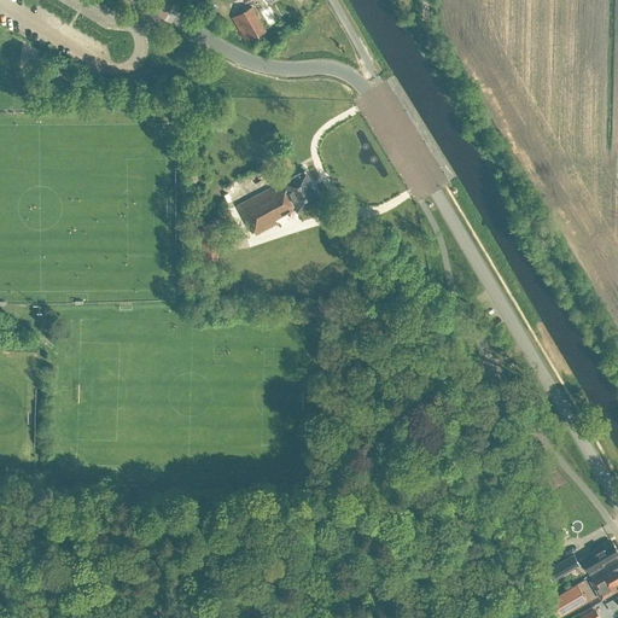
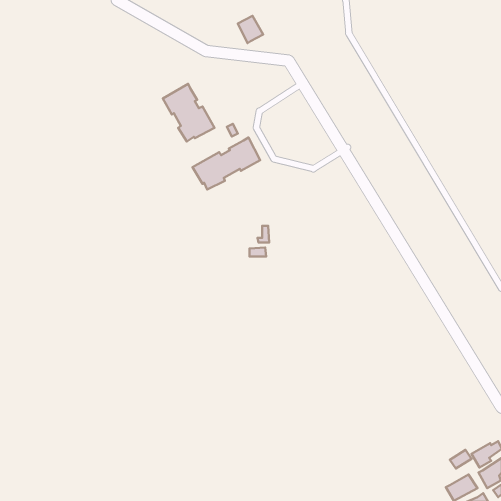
building: [234,8,266,42] -> [238,16,263,43]
building: none -> [163,84,214,141]

